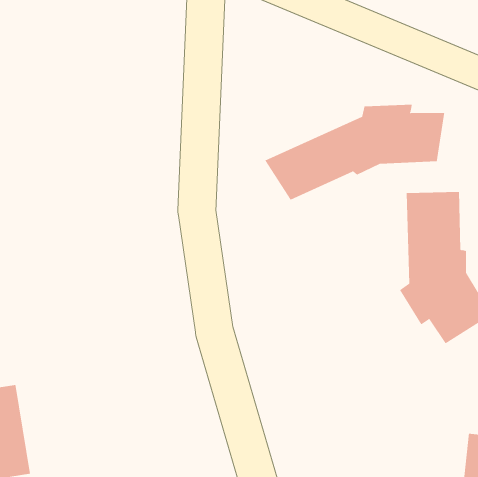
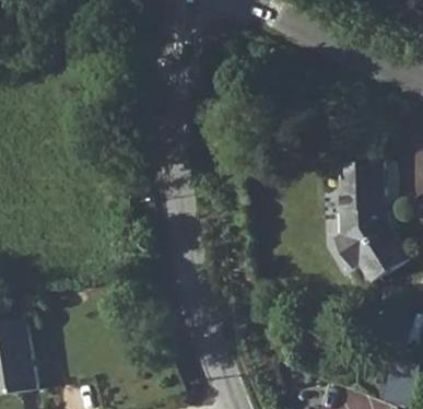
building: [264,104,445,201] -> none

